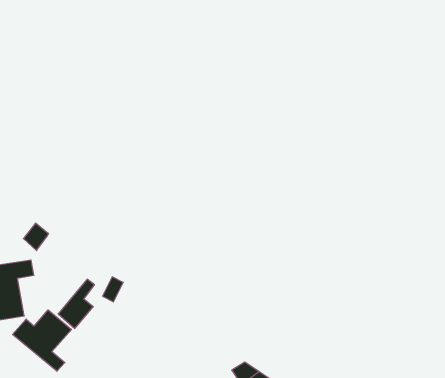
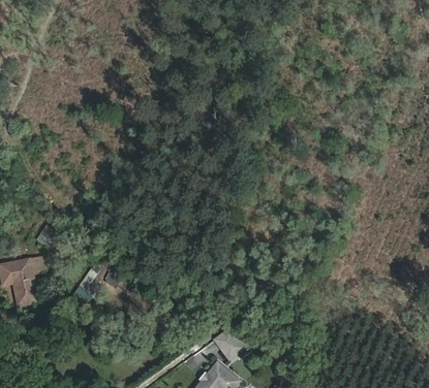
building: [13,310,71,371] -> none

